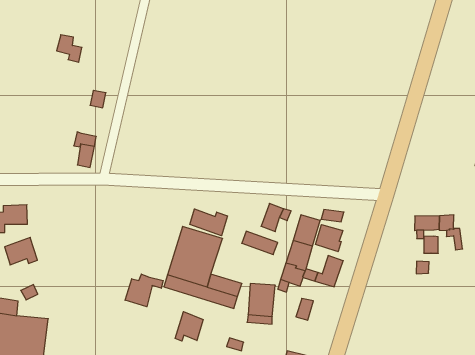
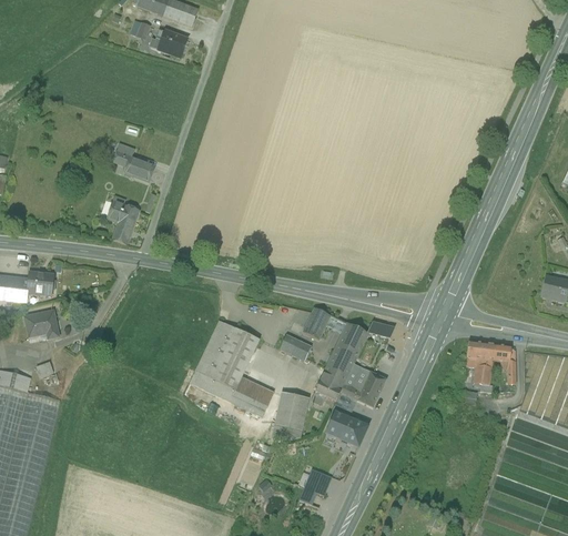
building: [57,35,82,62] -> [113,144,141,176]
building: [190,209,228,236] -> none
building: [316,225,343,252] -> none
building: [125,274,163,307] -> none
building: none -> [338,418,366,446]
building: [175,312,203,341] -> none

